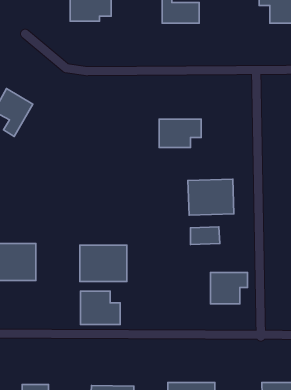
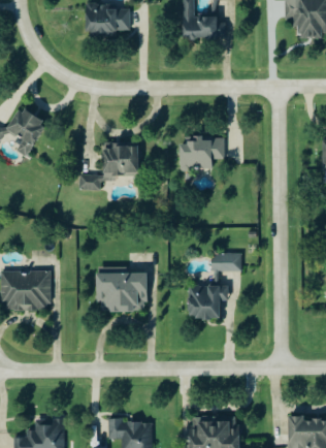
building: none -> [79,145,138,190]
building: [188,179,234,215] -> none
building: [210,273,248,304] -> [188,285,227,318]
building: [81,291,120,324] -> none

